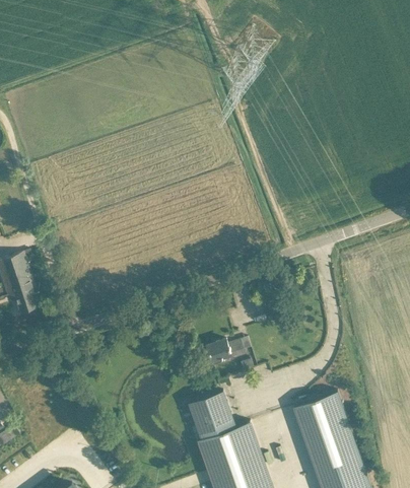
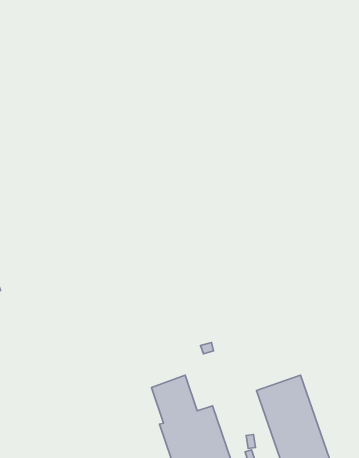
building: [206,341,242,366] -> none

